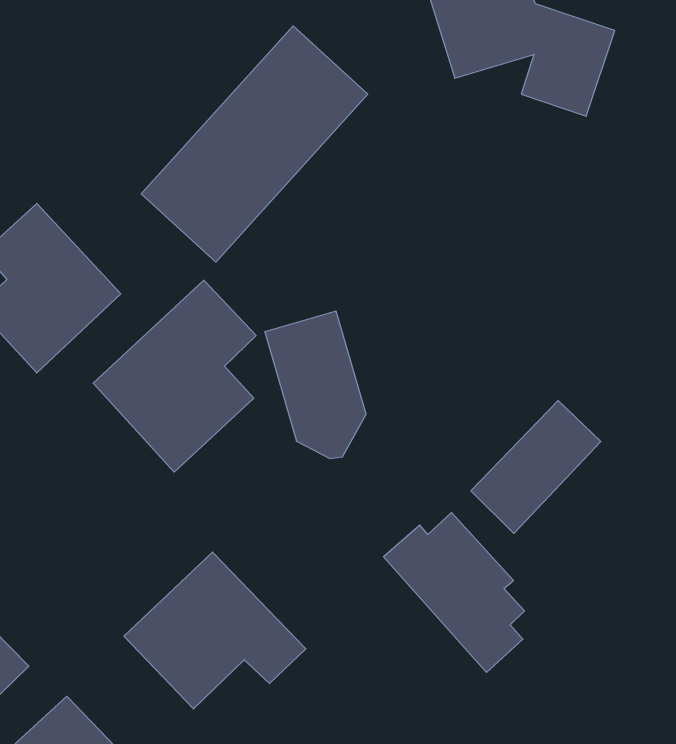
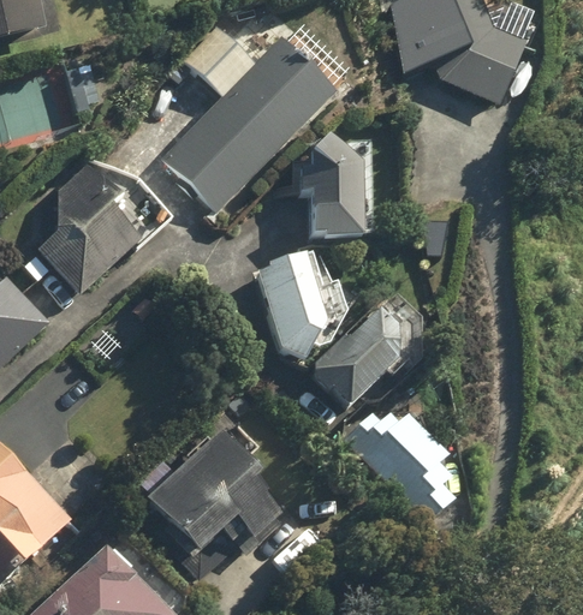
building: none -> [305,130,364,238]
building: [93,280,256,472] -> none
building: [471,400,601,533] -> [323,305,422,406]

